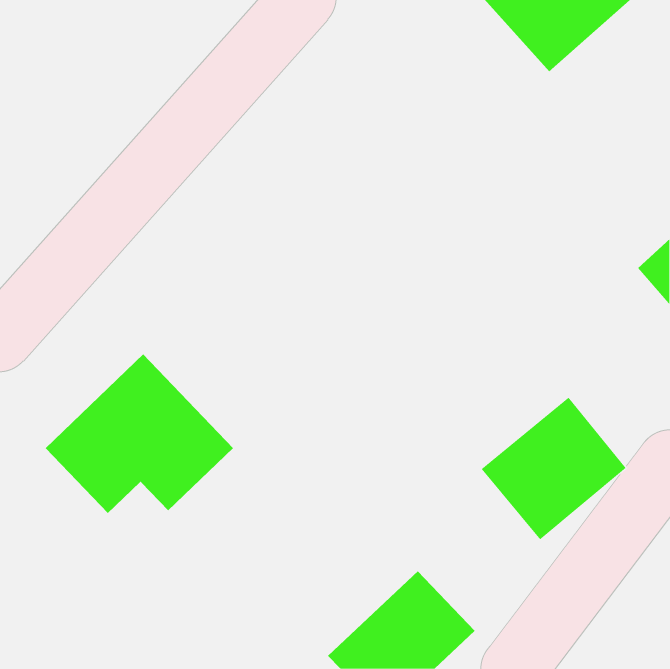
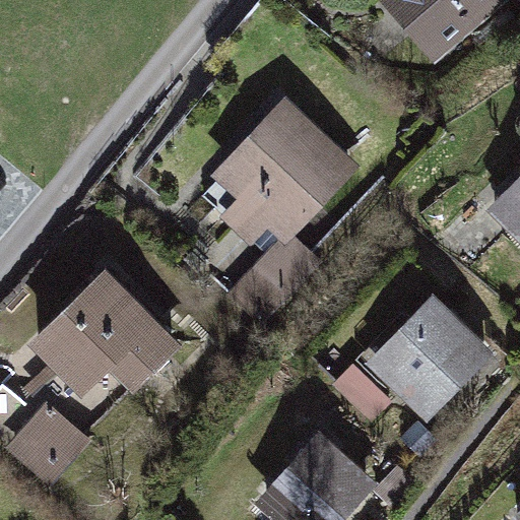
building: none -> [210,108,346,244]
building: none -> [13,402,90,477]

